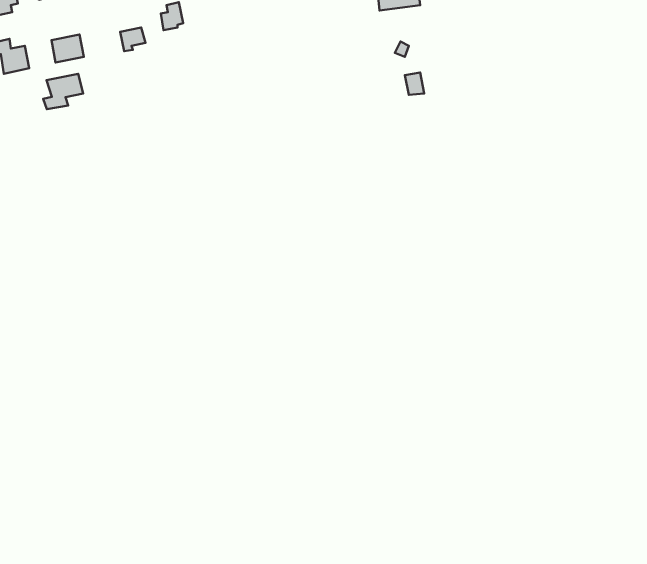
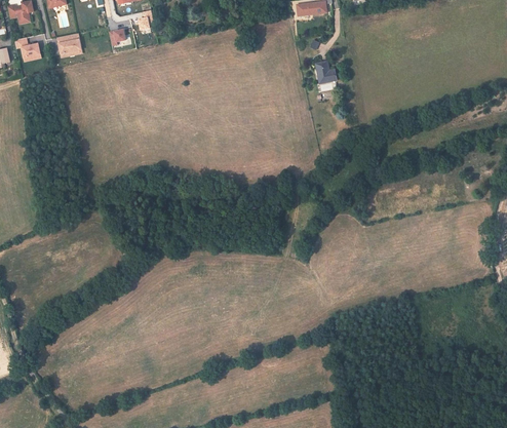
building: [43,74,83,109] -> none

